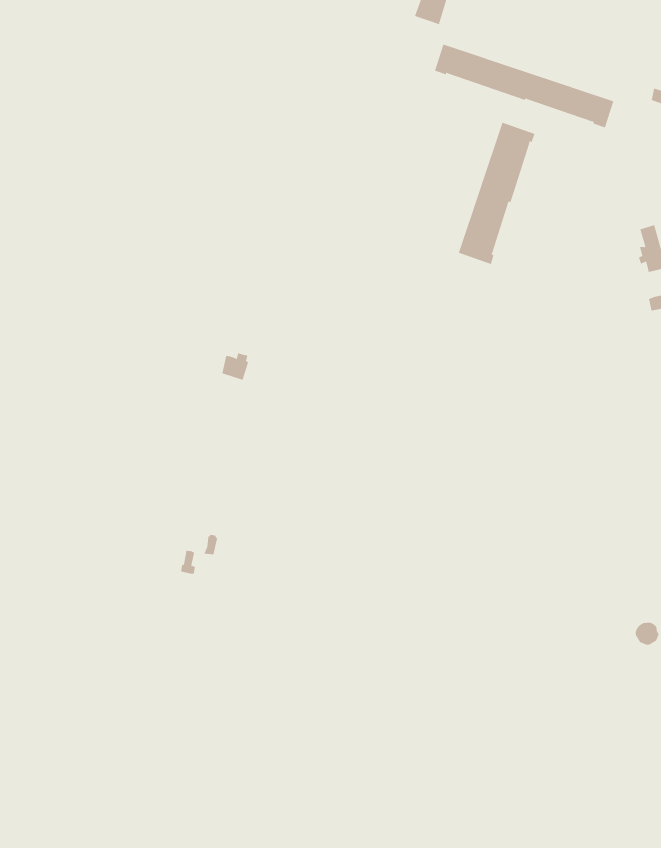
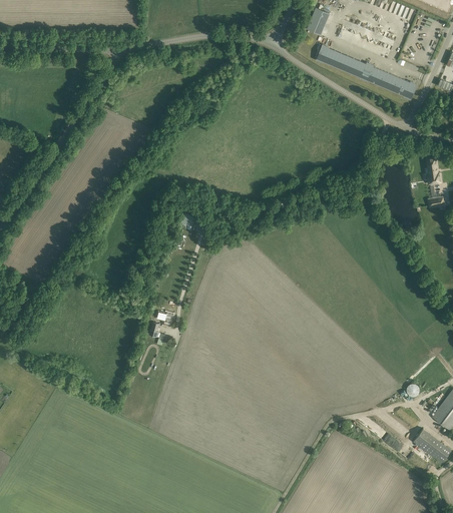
building: [458,122,535,265] -> none

